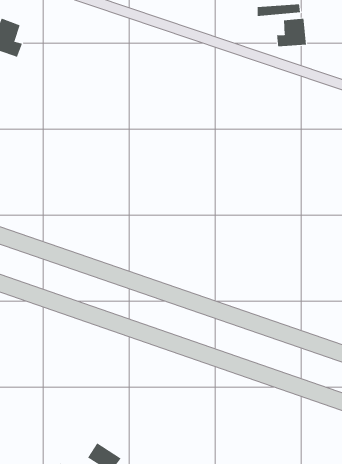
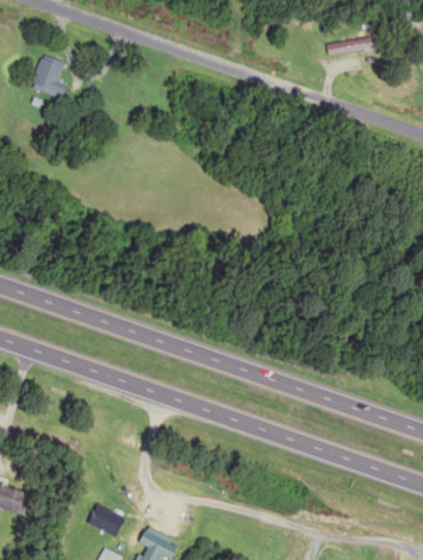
building: [277,18,307,47] -> none
building: none -> [89,504,129,537]

